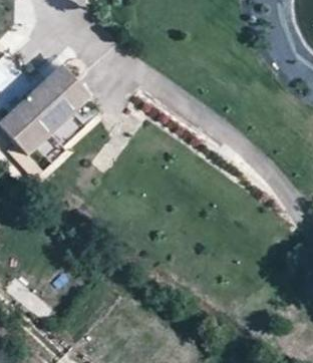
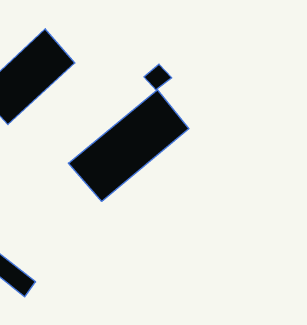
building: none -> [68,64,189,201]

